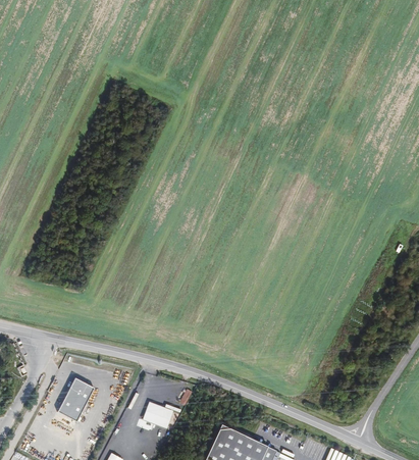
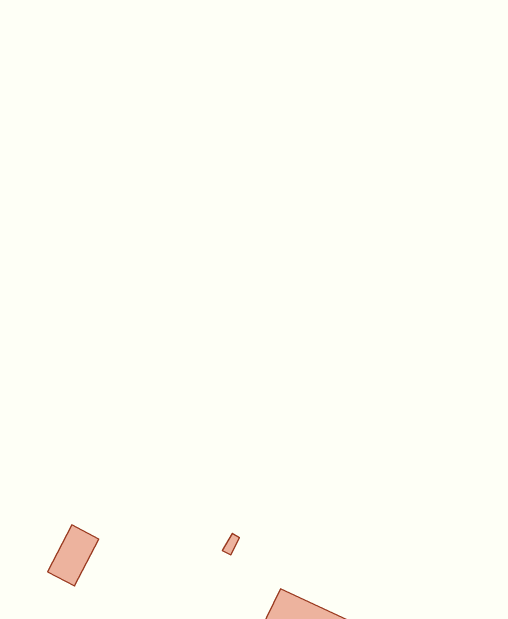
building: [145,401,176,428] -> none

